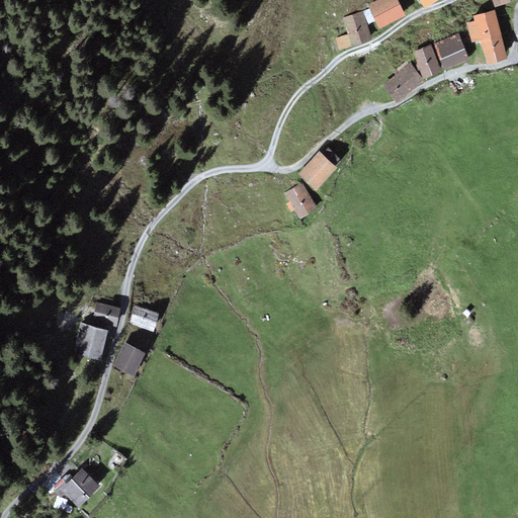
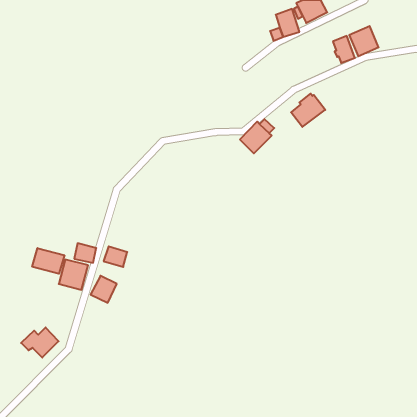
building: [466,10,508,65] -> none
building: [381,61,424,102] -> [291,94,325,127]
building: [284,182,318,219] -> none
building: none -> [32,248,64,274]
building: [52,468,98,506] -> [21,327,59,358]

